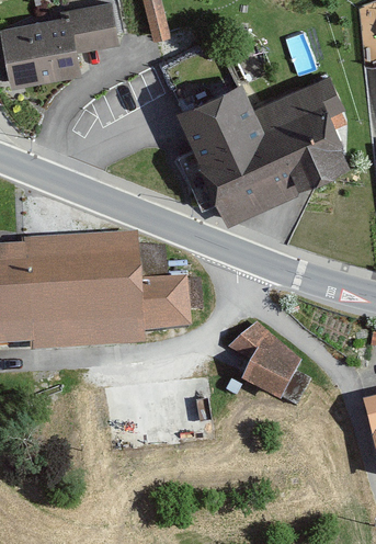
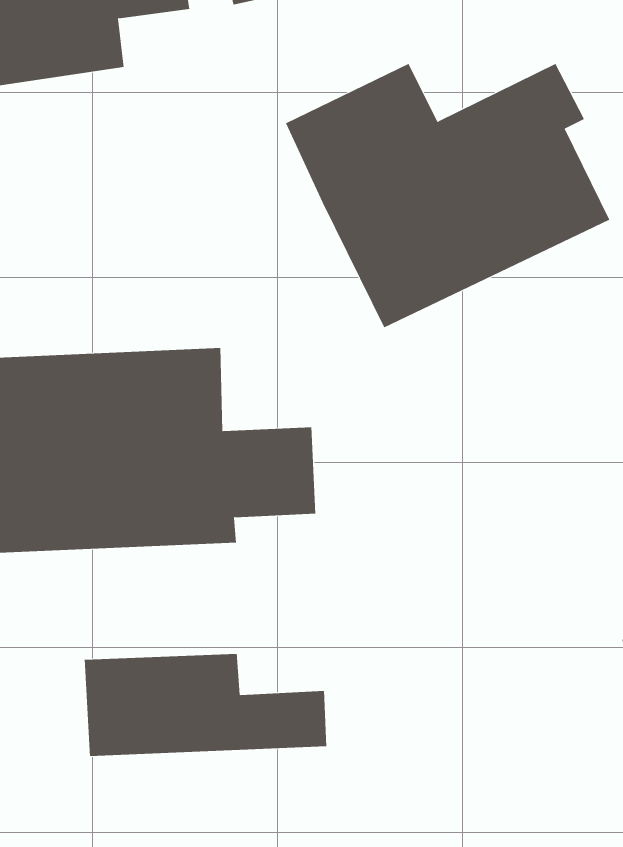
building: [228,324,301,400] -> none
building: none -> [84,653,327,757]

